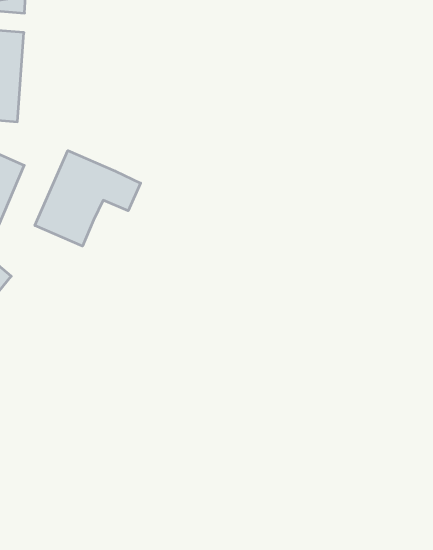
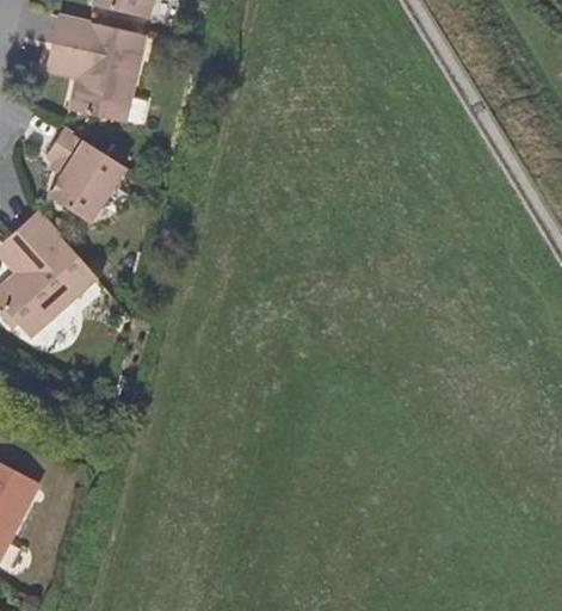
building: [35,151,141,246] -> none

